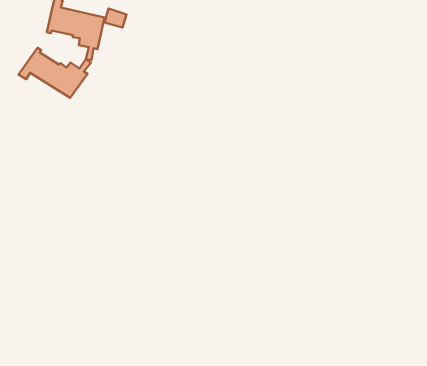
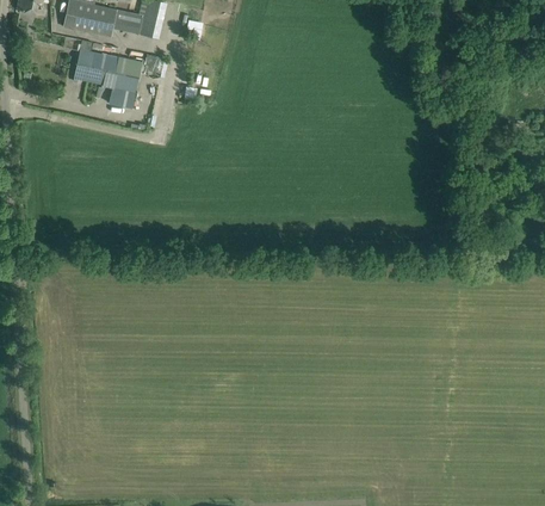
building: [19,48,91,98] -> none

